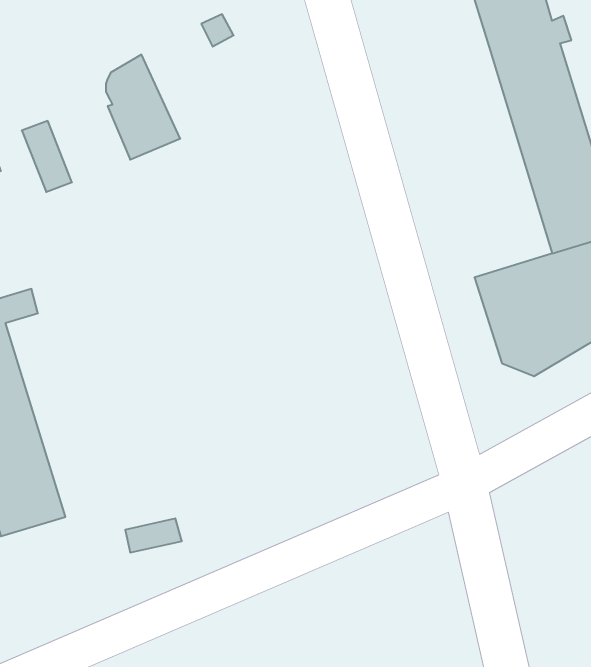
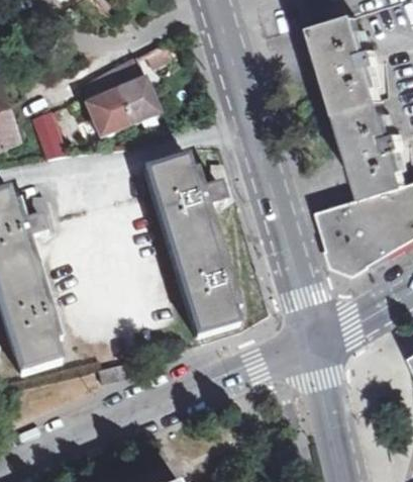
building: none -> [108,59,159,124]
building: none -> [144,158,237,336]

